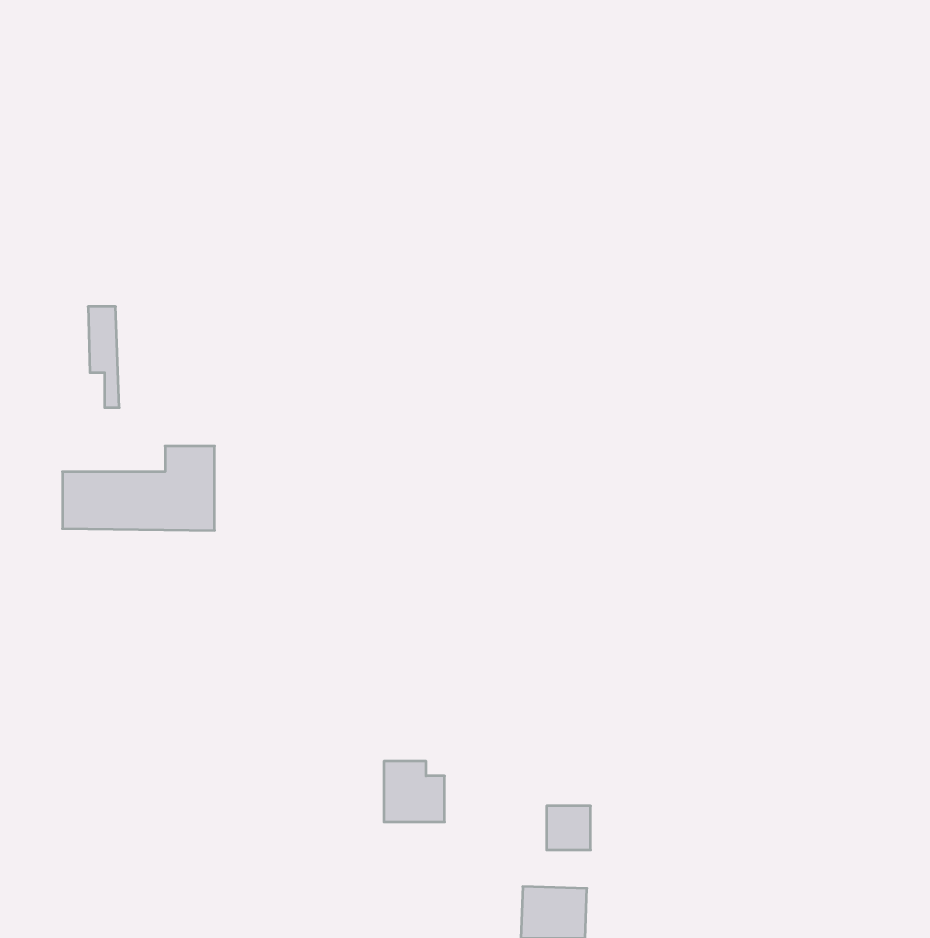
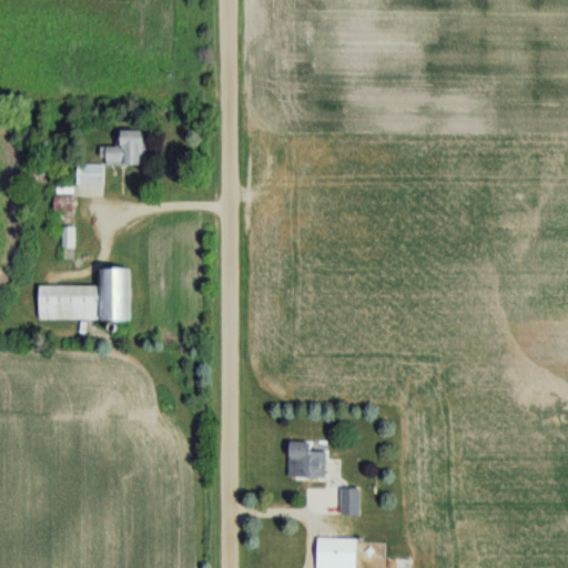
building: none -> [105,130,144,165]
building: none -> [74,163,101,184]
building: [384,761,445,822] -> [288,440,325,477]

